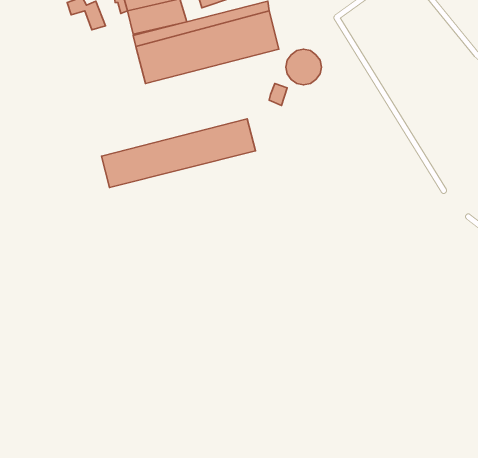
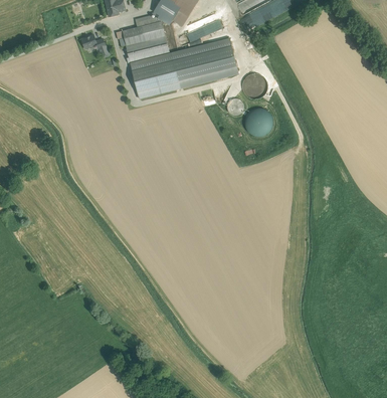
building: none -> [246,111,272,136]
building: [102,119,256,187] -> none

